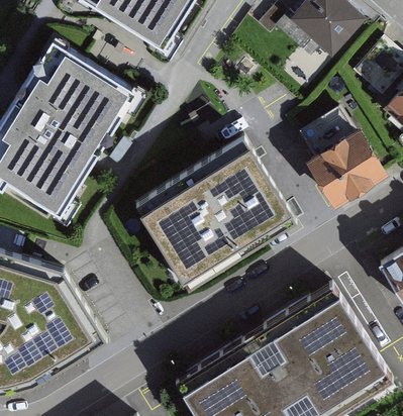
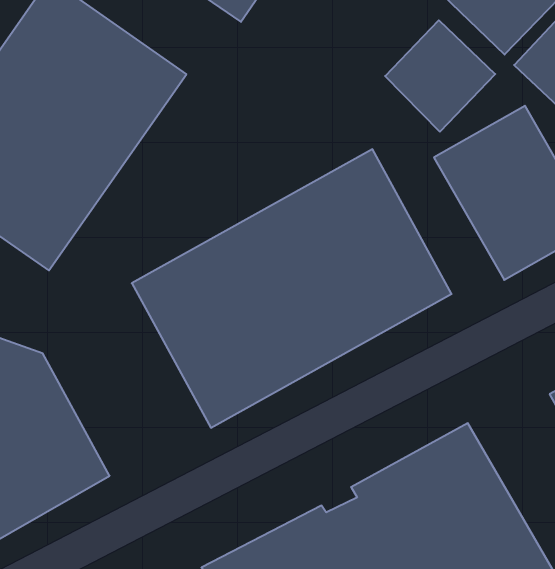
building: none -> [385,20,495,132]

